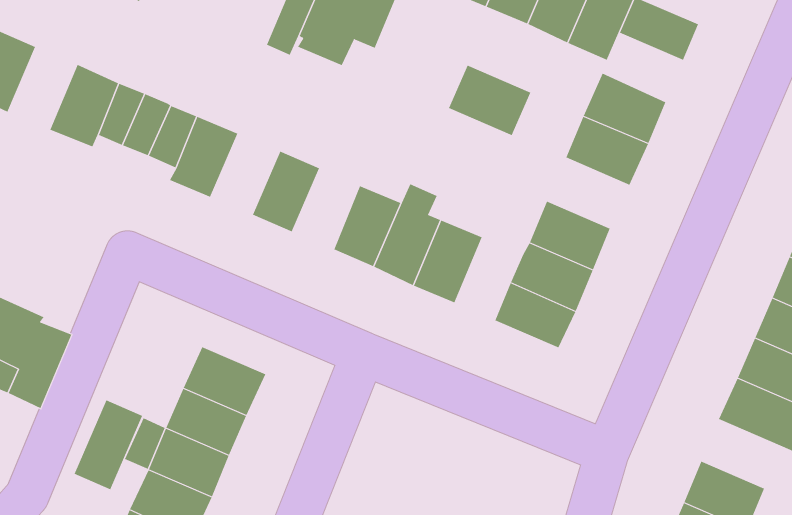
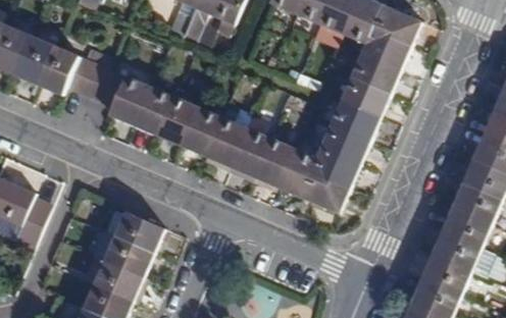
building: none -> [362,26,410,67]
building: none -> [12,35,53,84]
building: [448,65,531,136] -> [330,100,378,142]
building: none -> [132,86,172,134]
building: none -> [180,106,219,154]
building: none -> [275,147,315,196]
building: [74,399,143,490] -> none
building: none -> [420,254,468,295]

